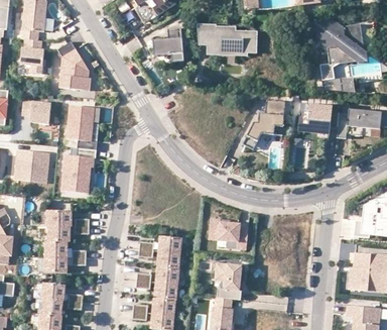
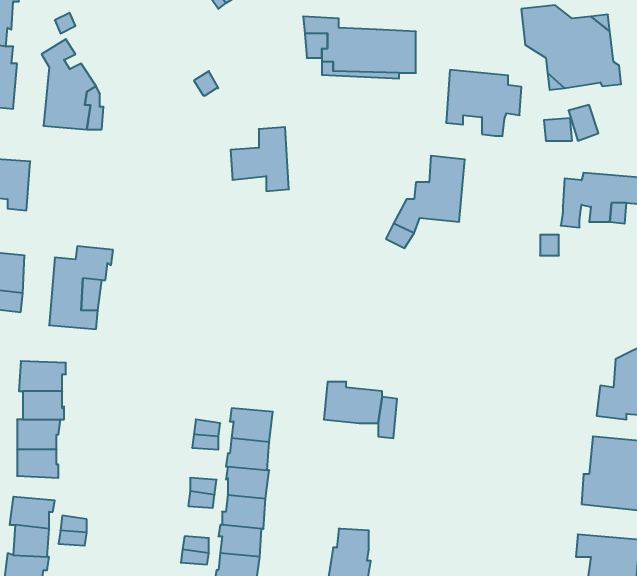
building: [153,29,184,64] -> [231,127,289,191]
building: [297,102,338,137] -> [446,70,521,136]
building: [66,105,99,149] -> none
building: [217,264,243,301] -> none

